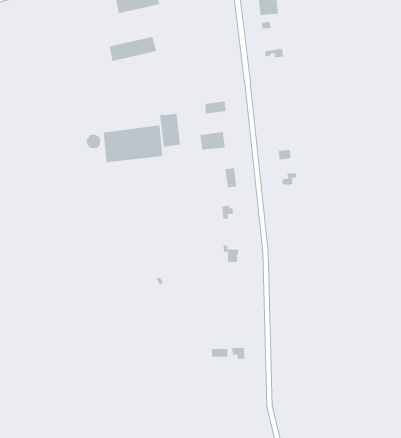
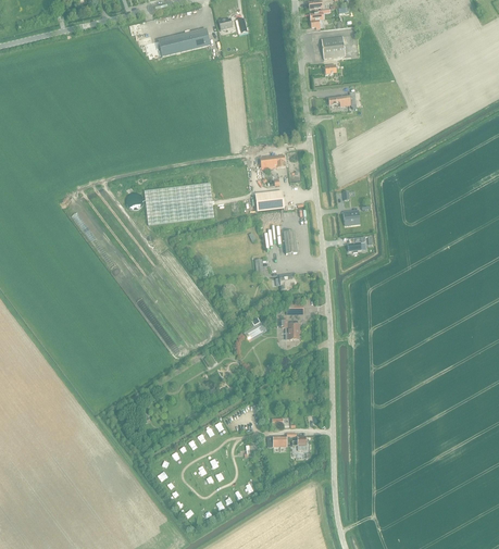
building: [109,36,157,62] -> none
building: [160,113,180,147] -> none

